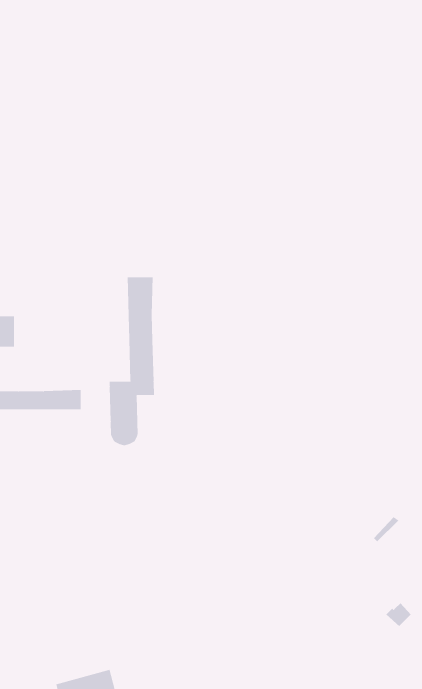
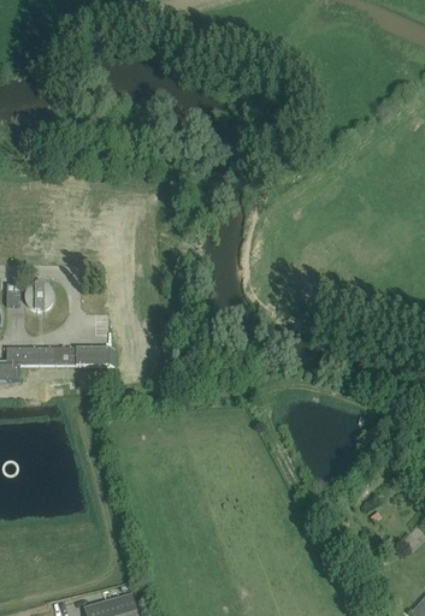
building: [109,276,154,446] -> none

